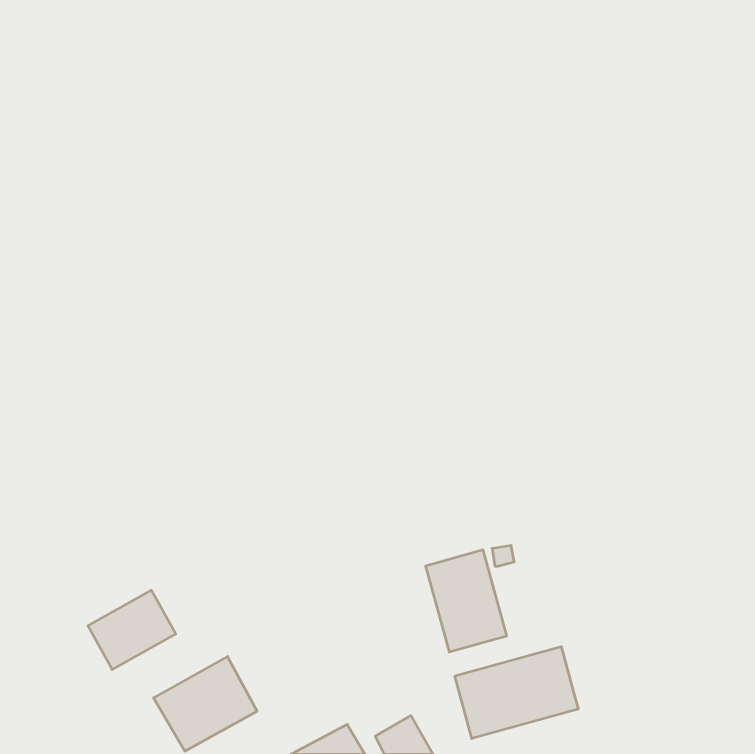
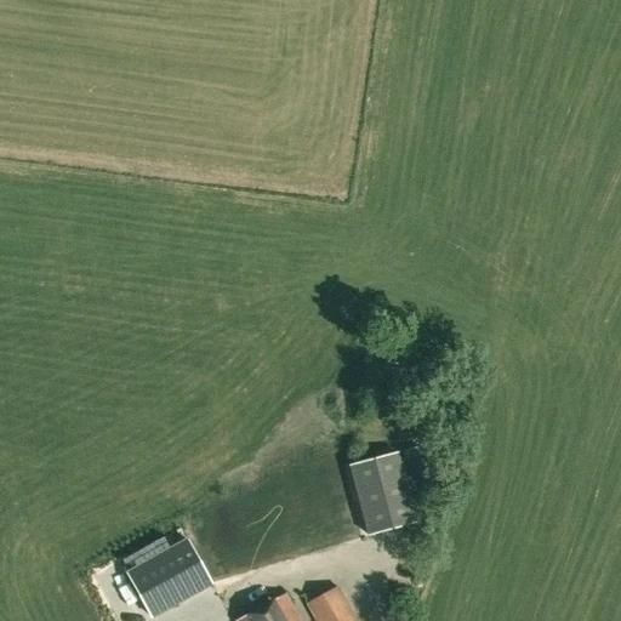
building: [88,590,176,670] -> none
building: [455,647,578,739] -> none

